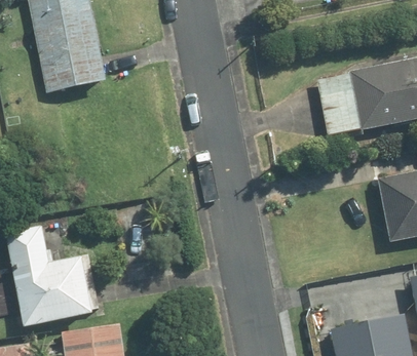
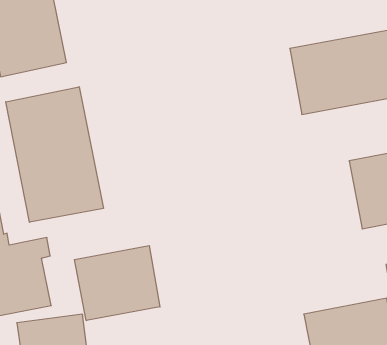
building: none -> [6,87,103,222]
building: none -> [74,246,160,321]

